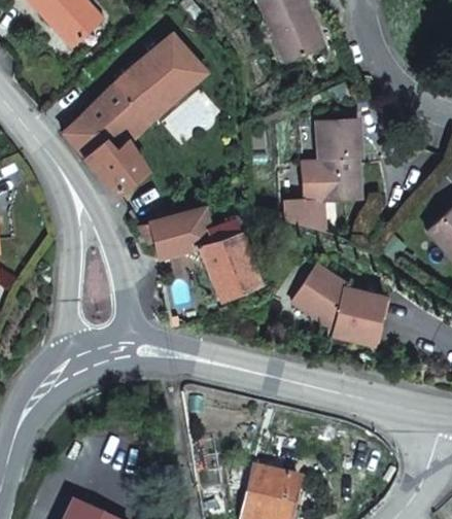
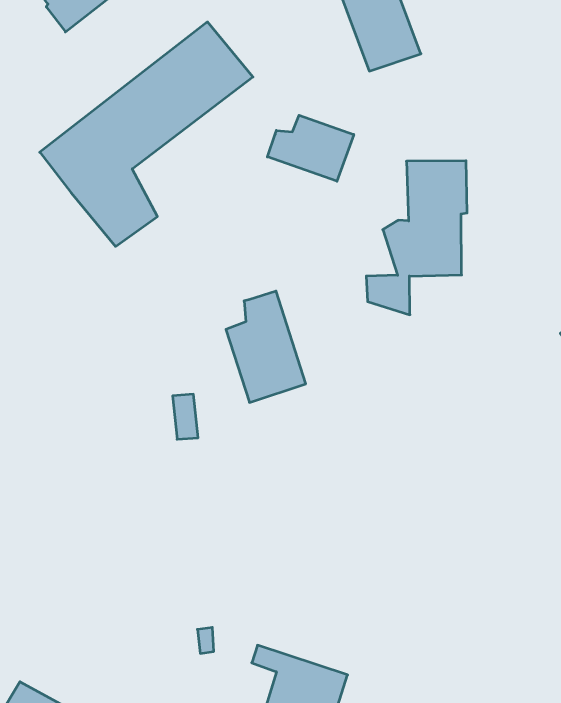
building: none -> [267,115,354,181]
building: [138,204,213,258] -> none
building: [291,263,385,344] -> none

